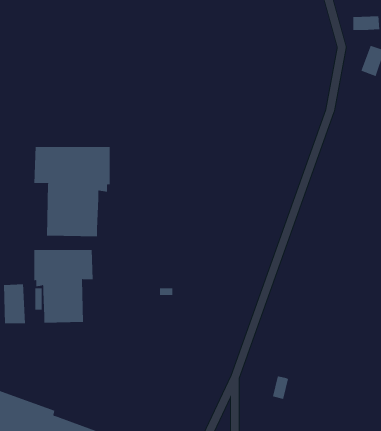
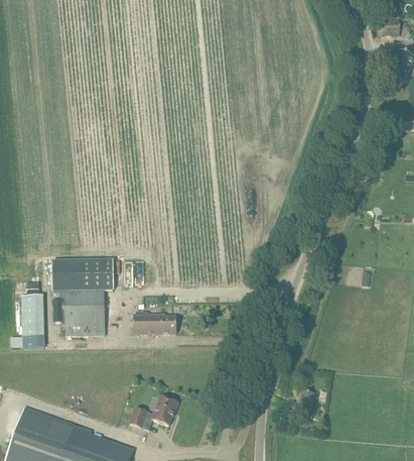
building: [34,146,110,237] -> none
building: none -> [134,313,176,334]
building: none -> [129,395,178,427]

